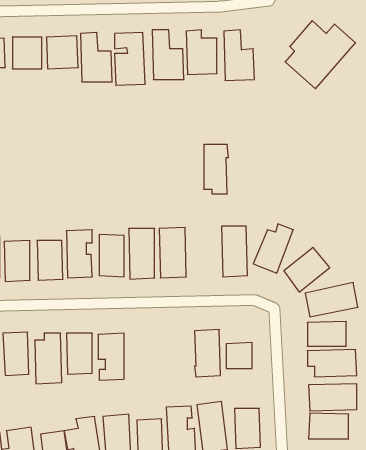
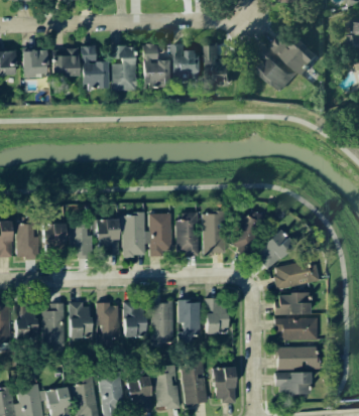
building: [204,145,228,194] -> [176,213,198,255]
building: none -> [123,301,146,338]
building: none -> [150,302,173,346]

